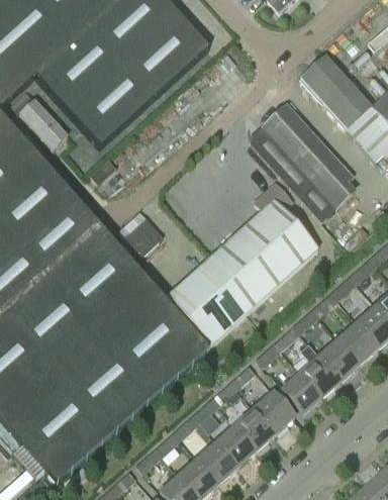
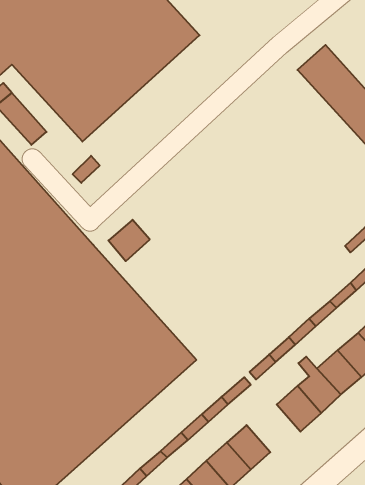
building: [250,102,354,221] -> none
building: [166,188,318,345] -> none
building: [253,392,294,433] -> none

